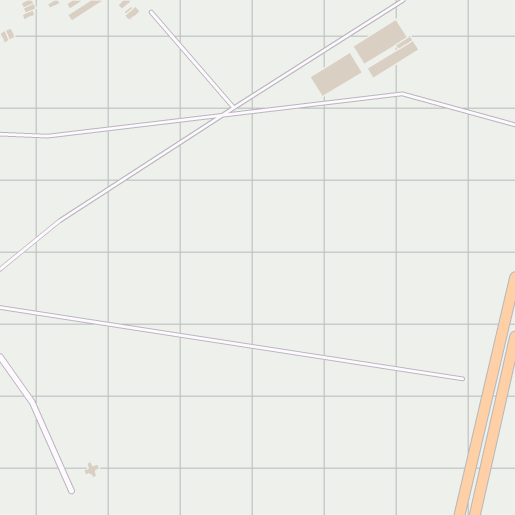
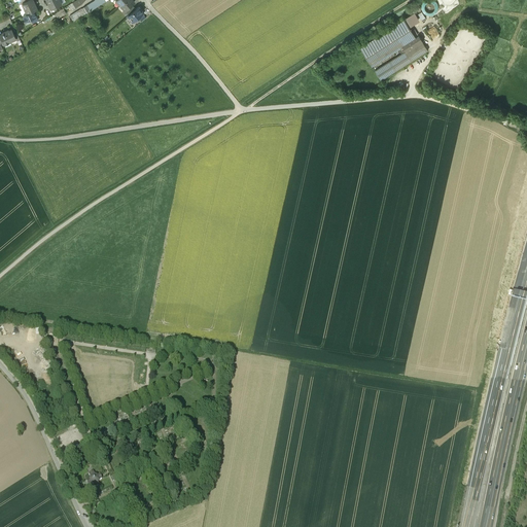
building: [310,52,362,97] -> none

